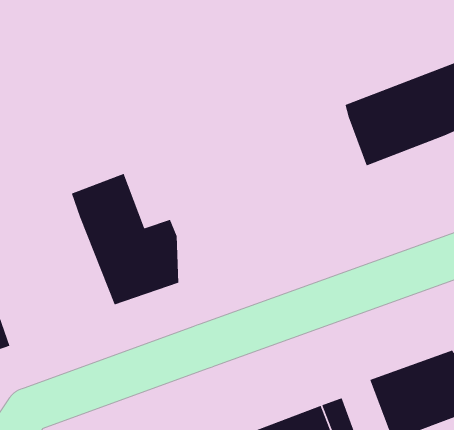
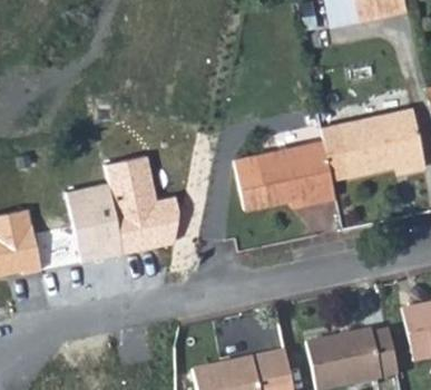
building: none -> [235,142,333,209]
building: none -> [68,184,125,263]

